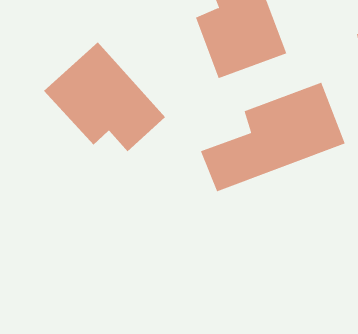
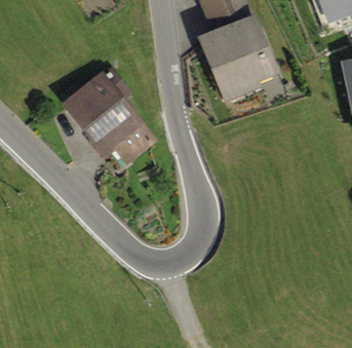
building: [200,82,346,192] -> none

